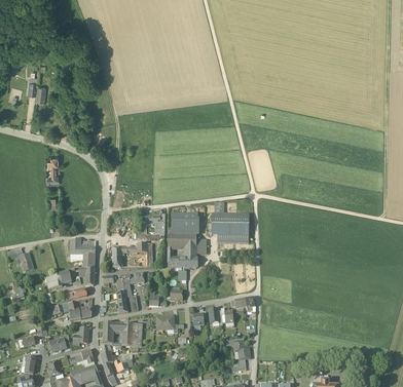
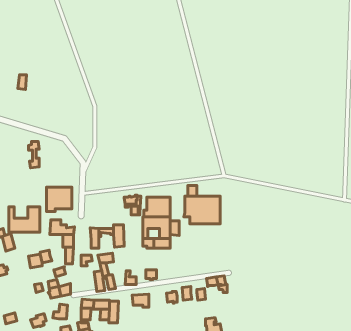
building: none -> [46,187,72,212]
building: none -> [9,207,40,232]

